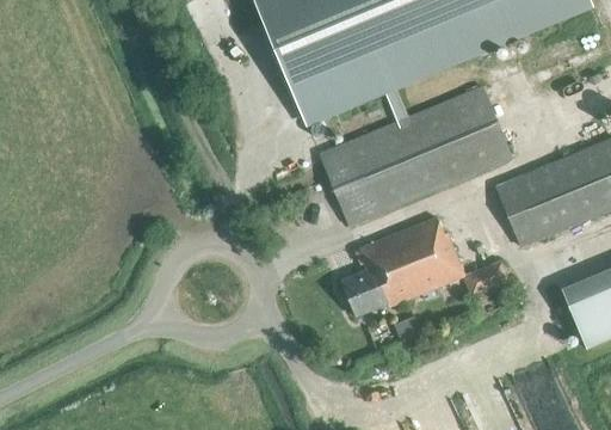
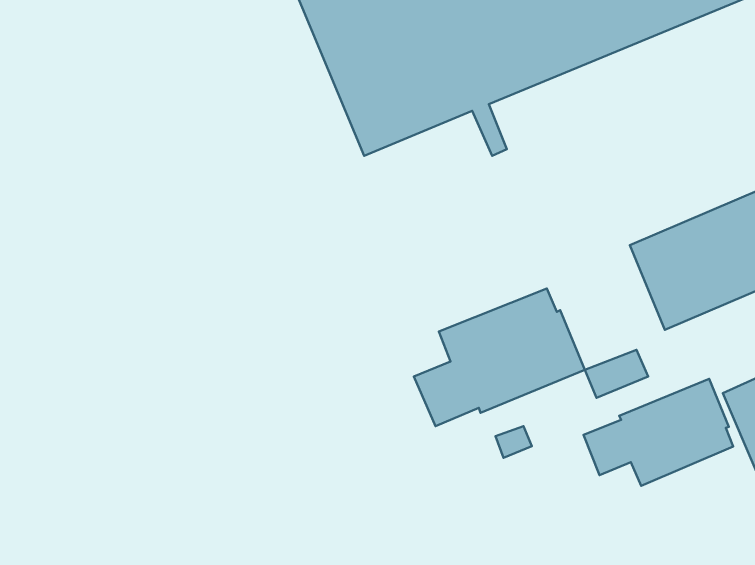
building: [320,86,512,226] -> none
building: none -> [584,379,733,486]

